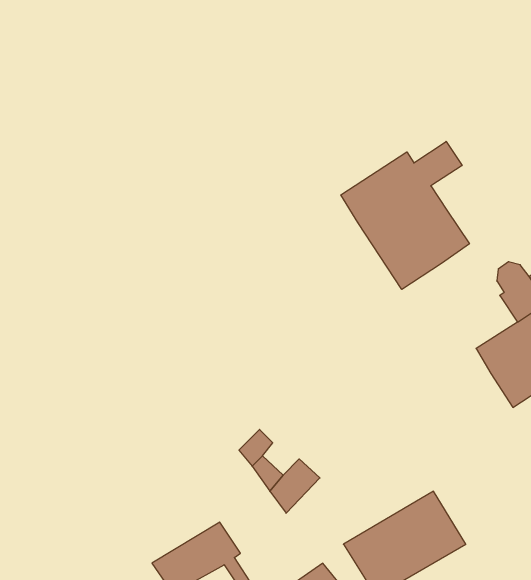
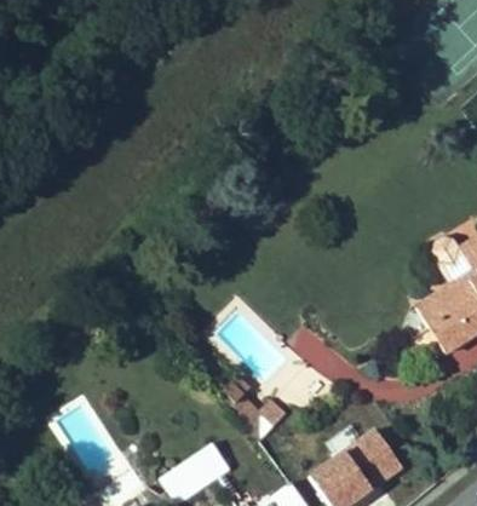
building: [341,141,469,289] -> none

